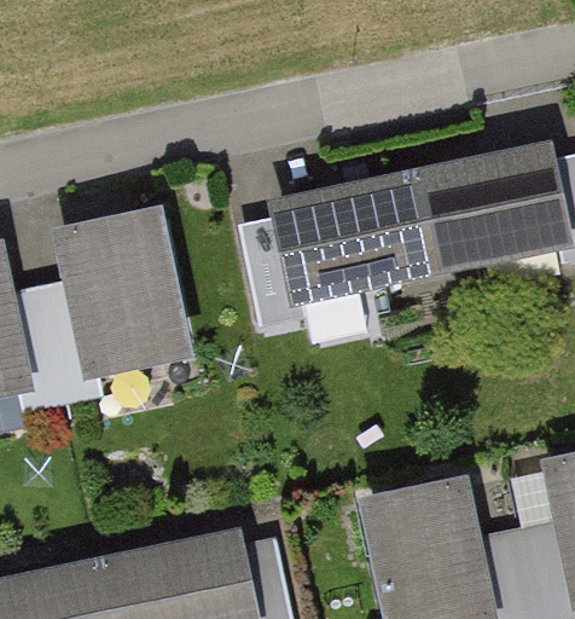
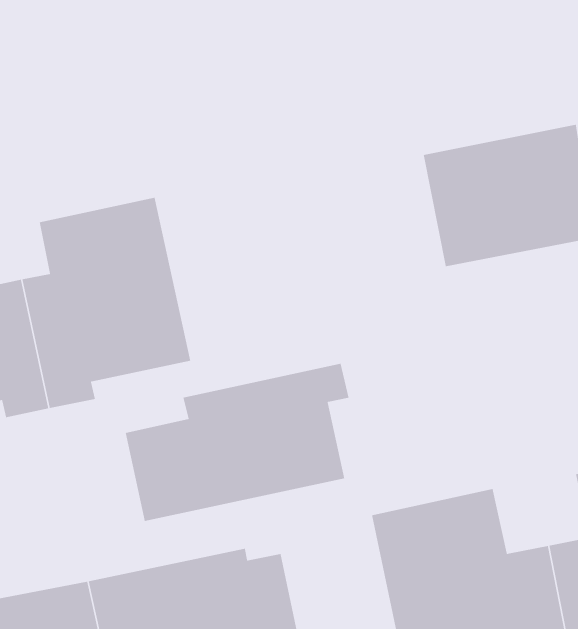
building: [239,173,425,324] -> none
building: none -> [125,363,350,522]

